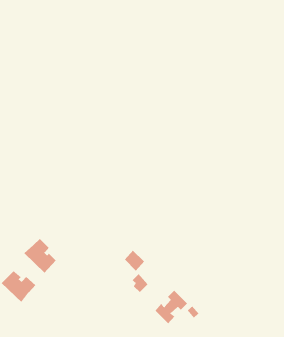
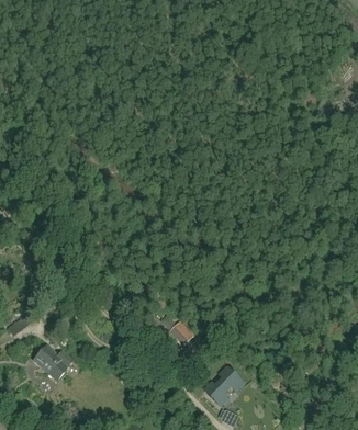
building: [23,238,56,273] -> none

